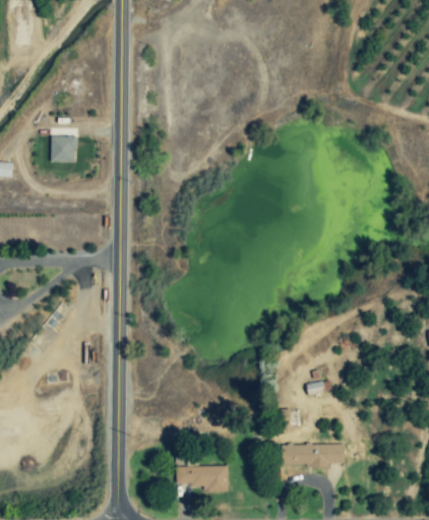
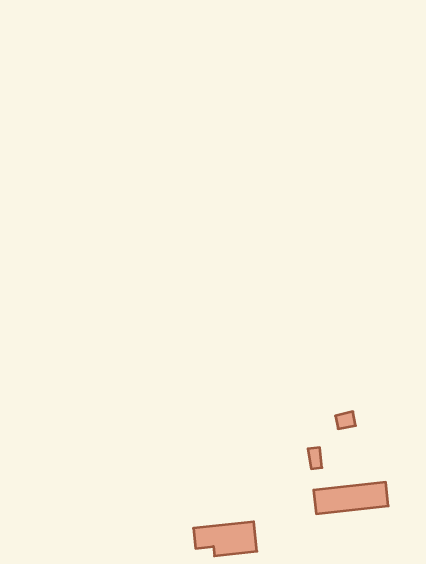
building: [50,136,76,162] -> none

